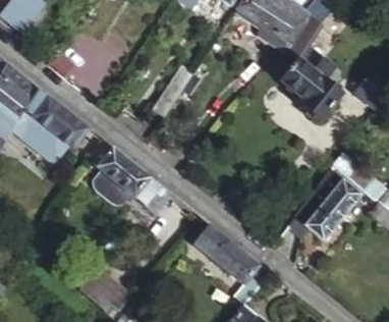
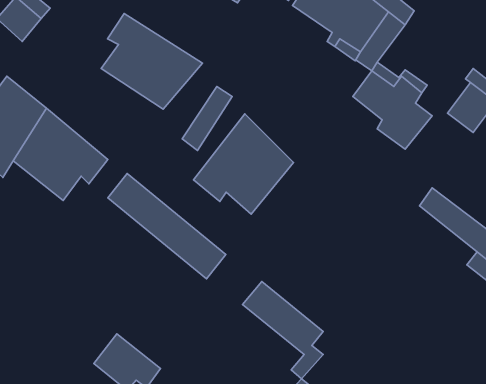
building: none -> [101,14,203,109]
building: none -> [193,114,293,214]
building: [287,170,362,238] -> none

